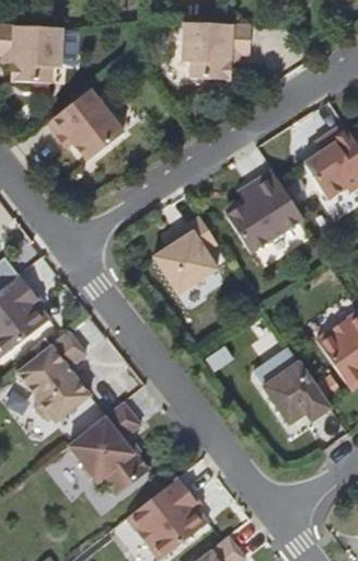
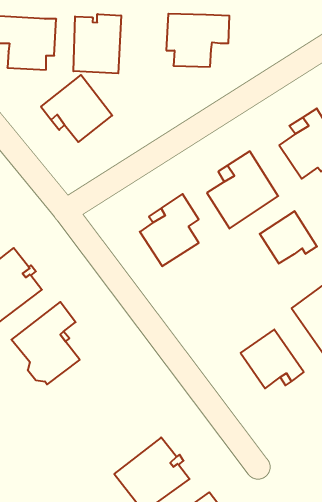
building: none -> [73,14,121,73]
building: none -> [260,211,317,264]
building: [68,402,148,495] -> none

